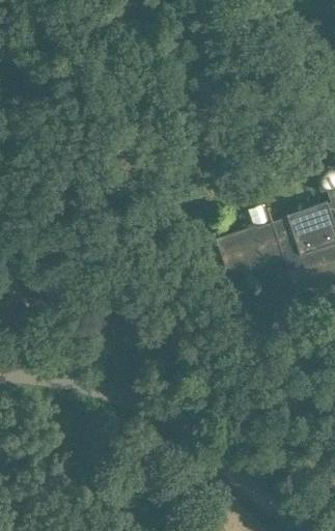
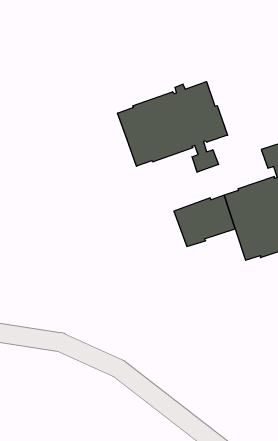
building: none -> [118,82,228,172]

